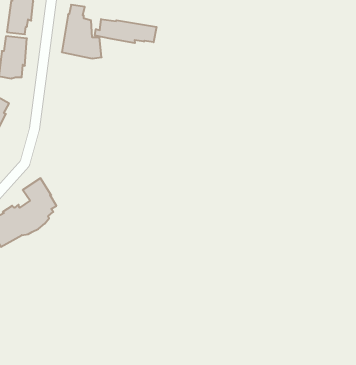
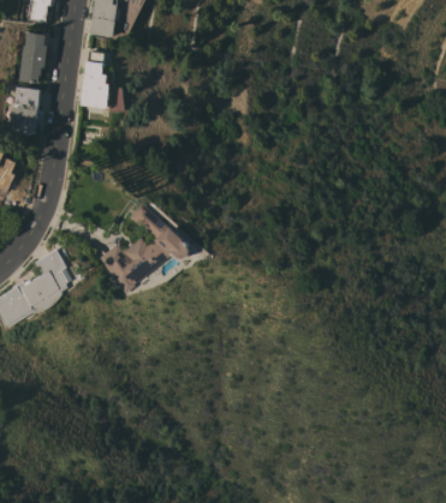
building: [95,19,157,43] -> none
building: none -> [100,202,192,293]

